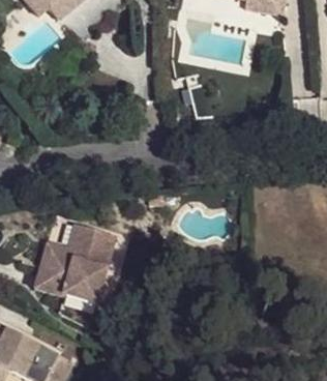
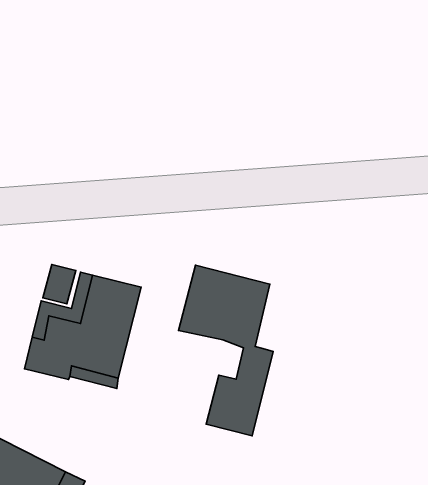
building: none -> [179,265,273,436]

